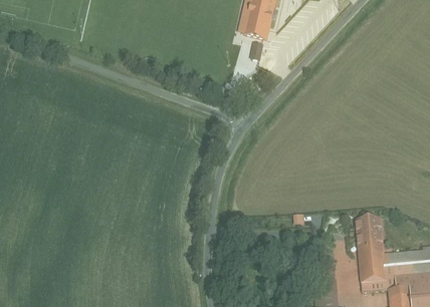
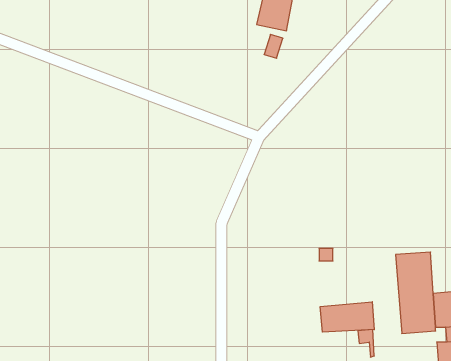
building: none -> [320,302,374,332]

